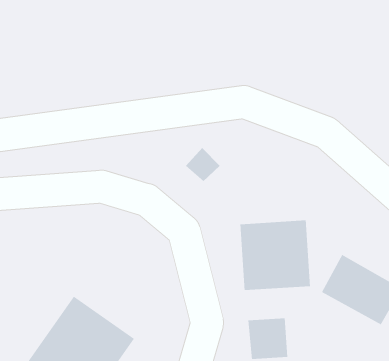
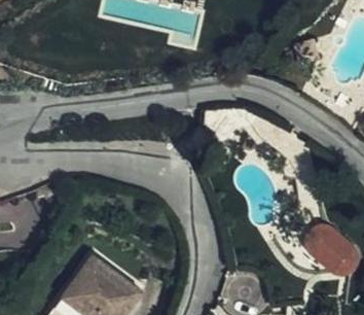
building: [240,220,311,291] -> none

